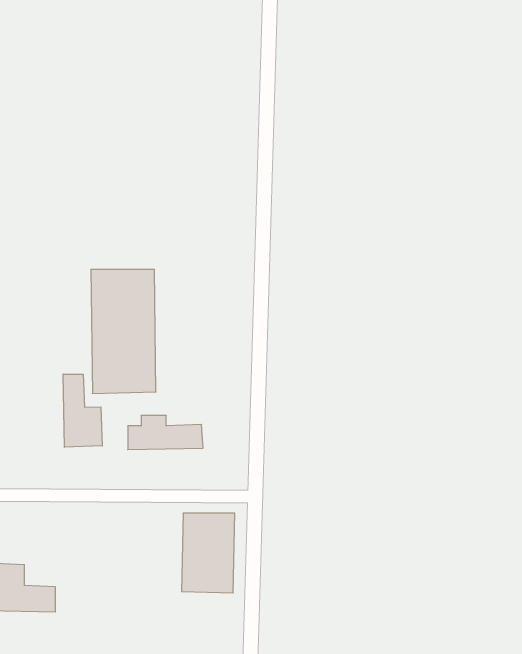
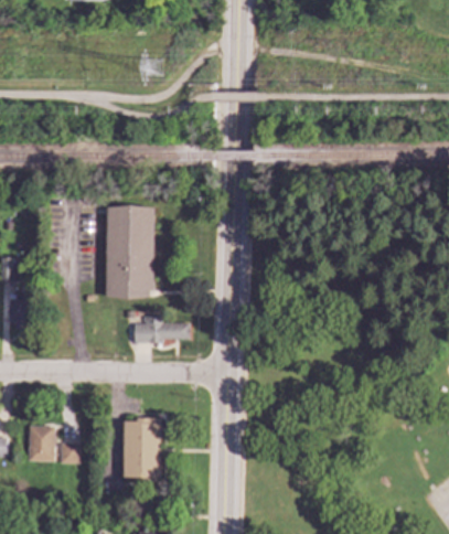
building: [63,374,102,447] -> none
building: [182,513,235,593] -> [121,419,161,479]

